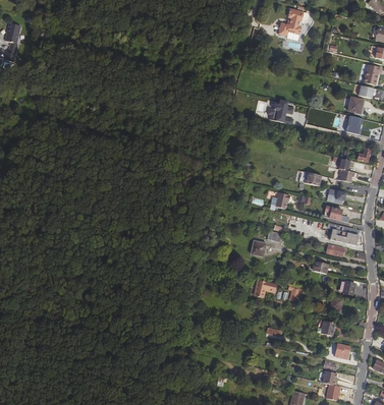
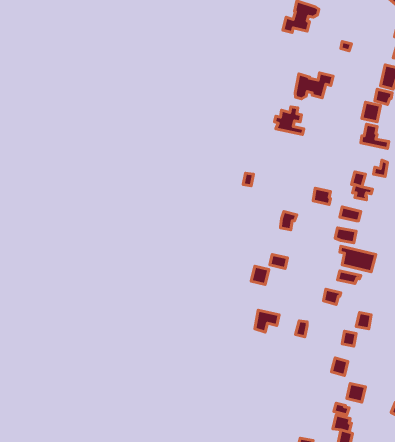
building: none -> [295,73,333,99]

